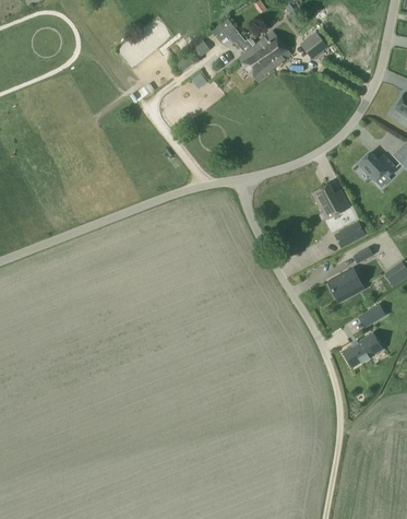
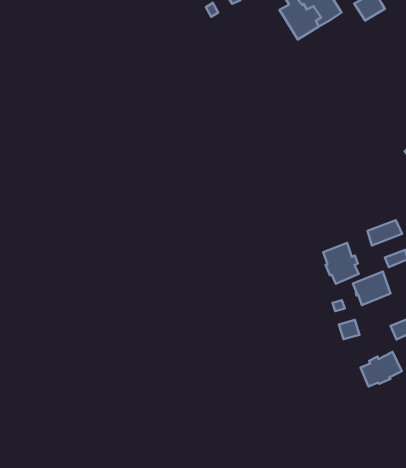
building: [313,184,349,216] -> none
building: none -> [323,243,359,284]

